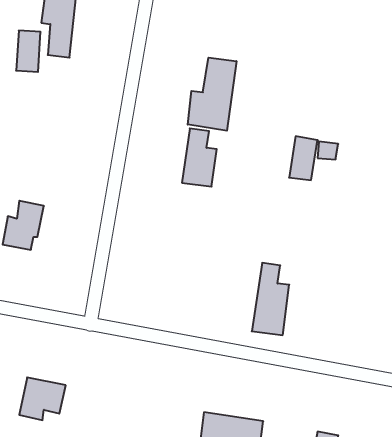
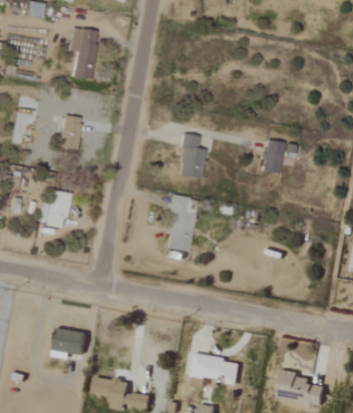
building: [16,31,41,72] -> [61,116,80,148]
building: [188,58,236,131] -> none
building: [252,263,289,335] -> [165,195,195,252]

